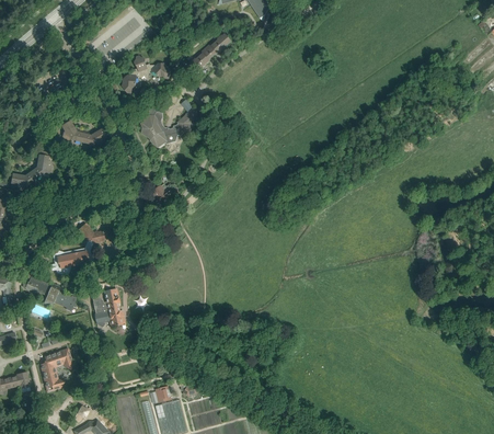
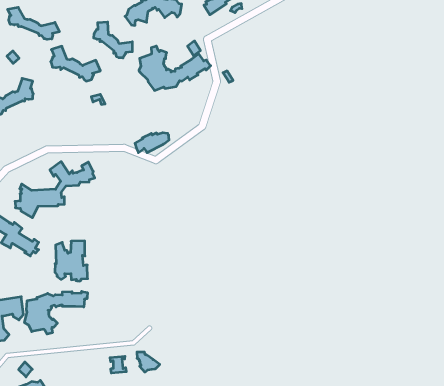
building: none -> [8,7,59,39]
building: none -> [94,22,132,58]
building: none -> [25,291,87,334]

